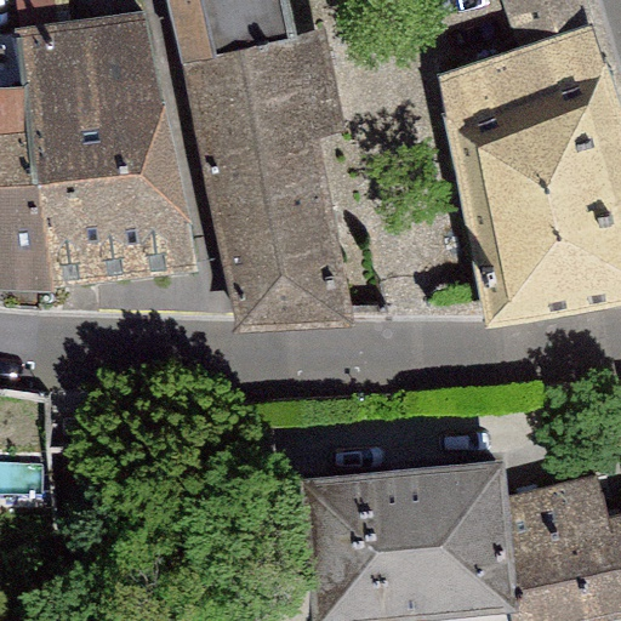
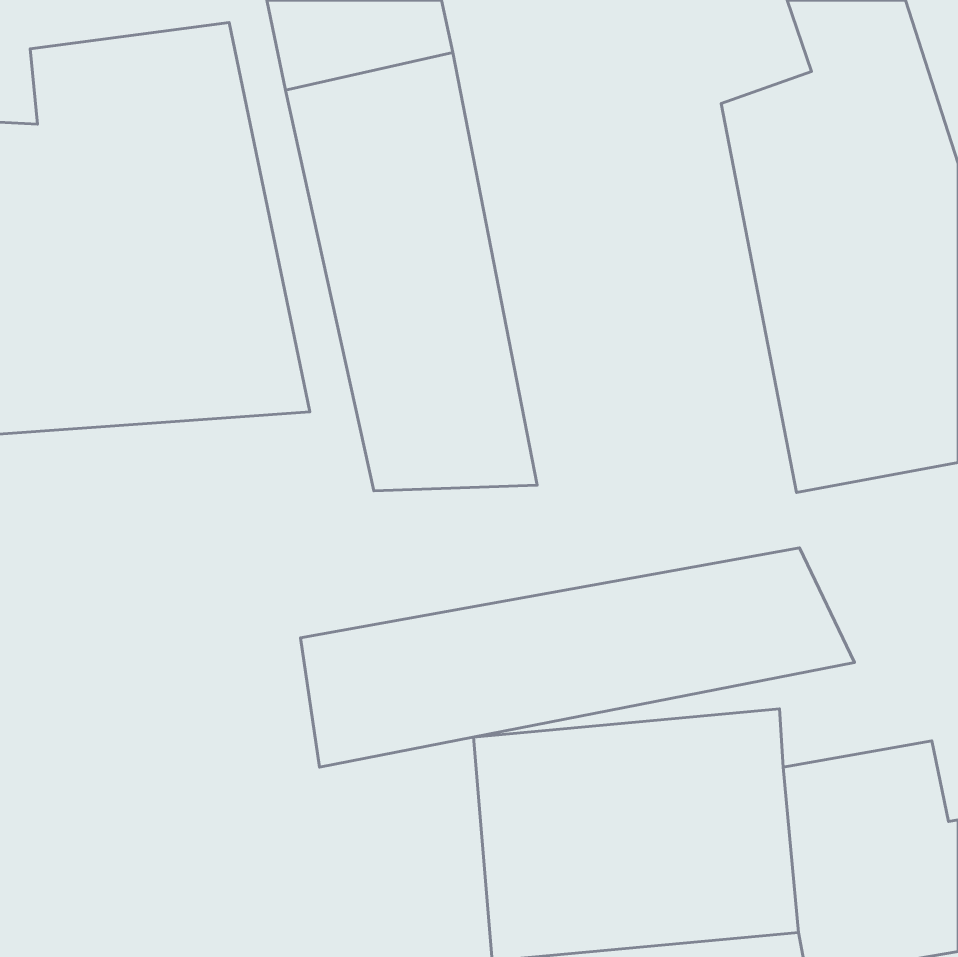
building: none -> [300,548,854,767]

